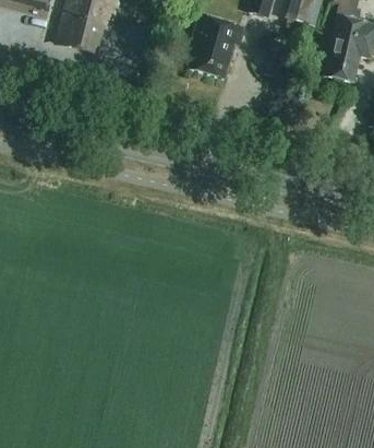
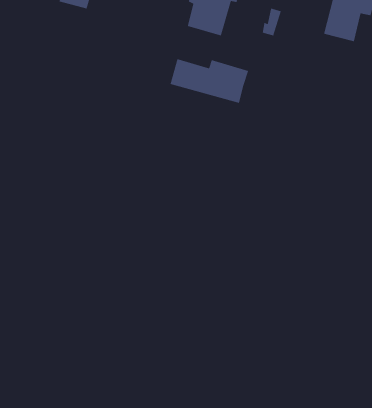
building: none -> [170,58,249,104]

